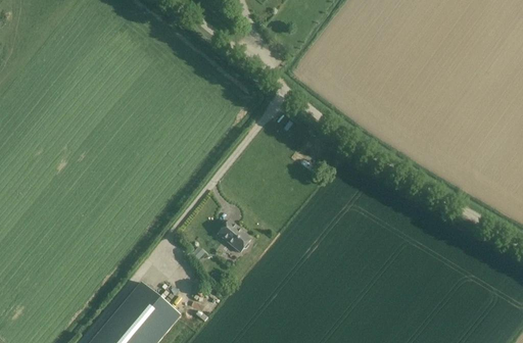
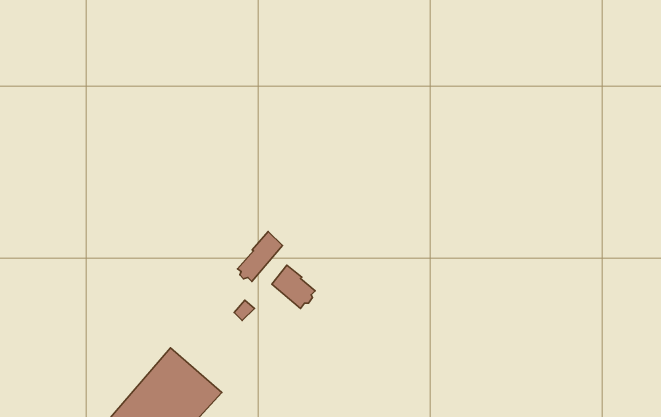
building: none -> [237,232,282,281]

